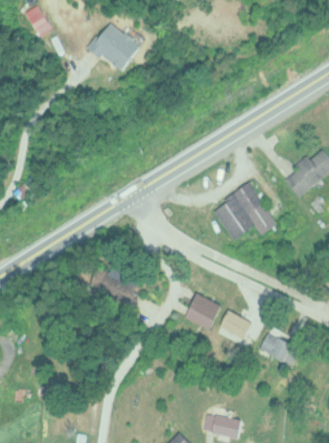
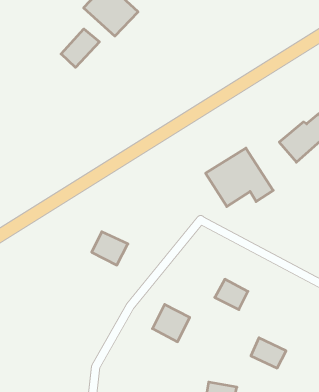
building: none -> [61,29,99,67]
building: [184,293,221,330] -> [152,304,190,342]
building: [259,332,294,362] -> [251,338,286,368]

